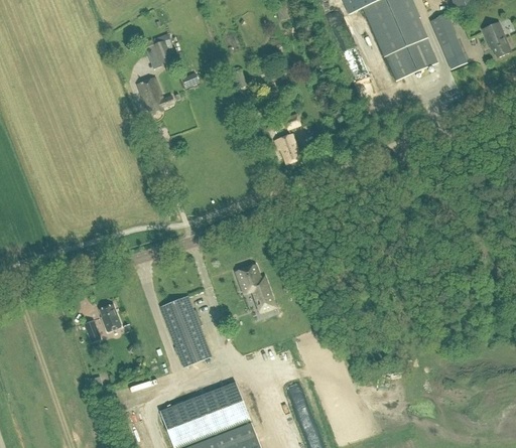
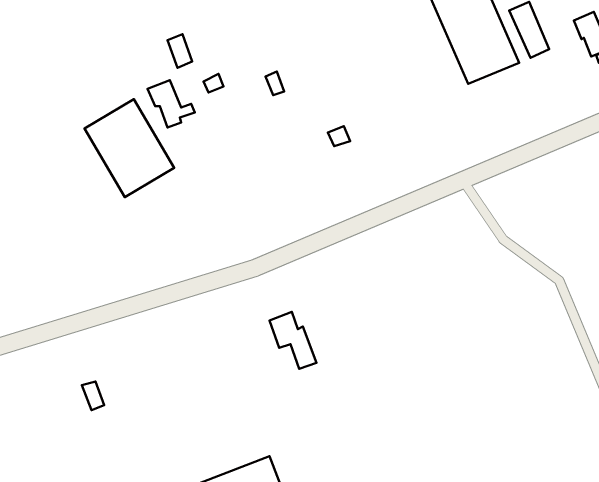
building: none -> [84,99,174,197]
building: [273,134,300,165] -> none
building: [160,295,210,367] -> none
building: [99,303,122,332] -> none

